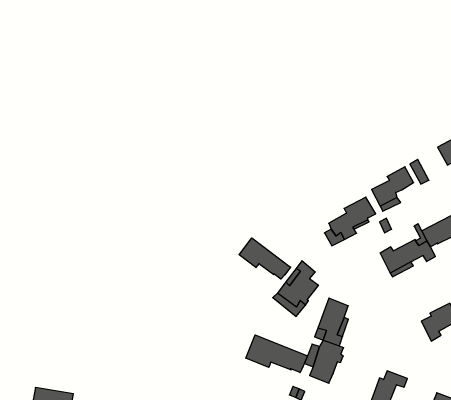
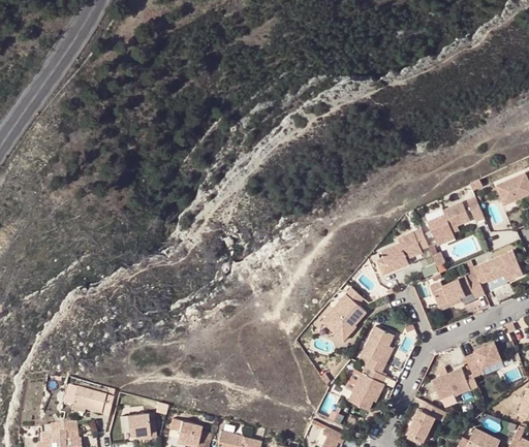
building: [239,238,291,279] -> none
building: none -> [432,368,477,400]
building: [246,335,307,373] -> none

